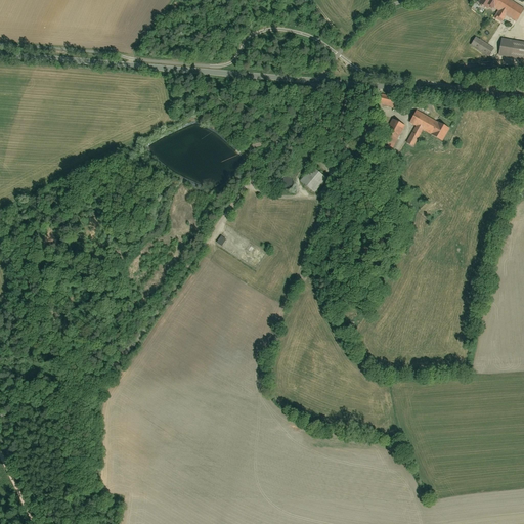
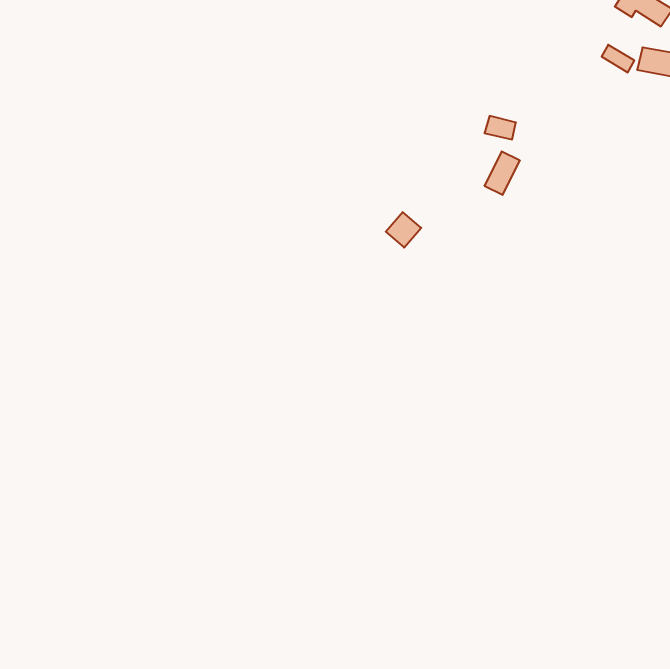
building: [407,110,444,147] -> none

